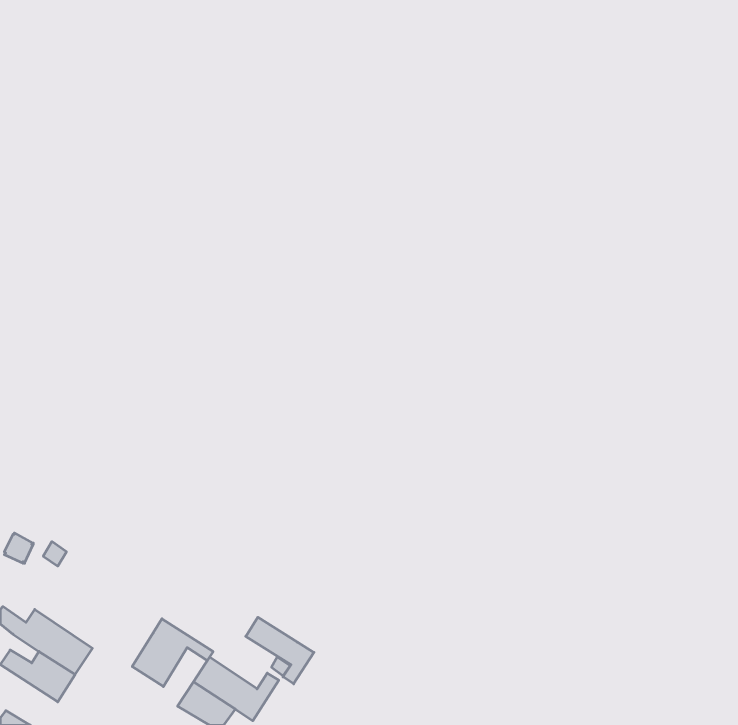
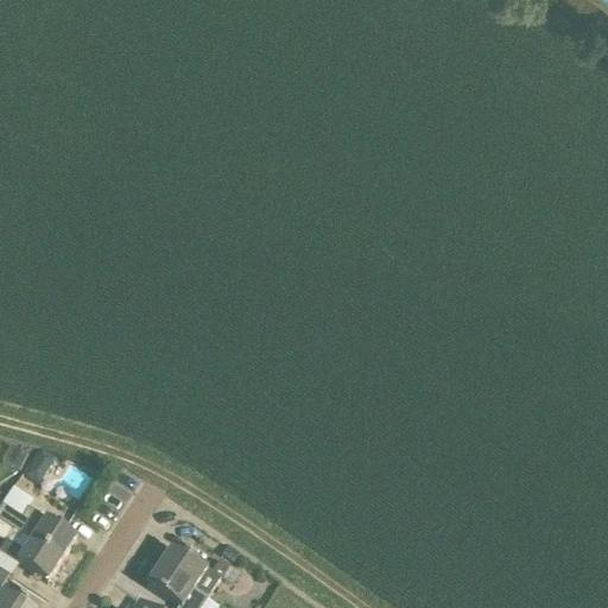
building: [246,617,314,684] -> none
building: [132,619,213,687] -> none

